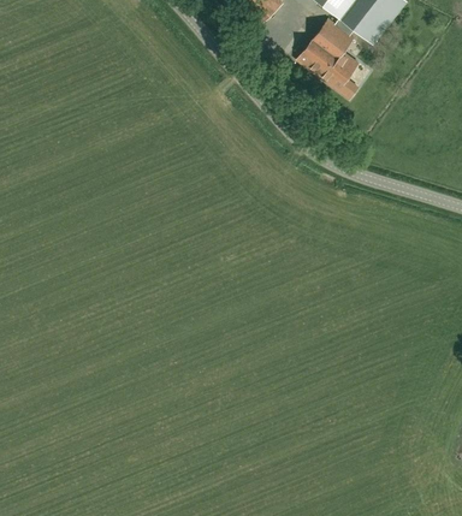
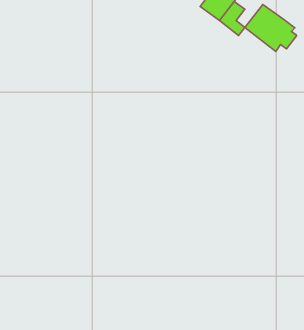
building: none -> [245,4,296,52]

